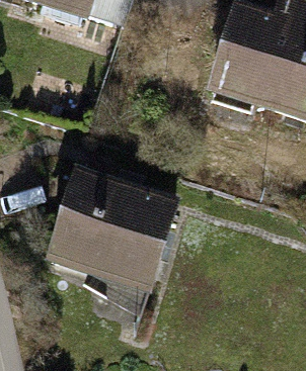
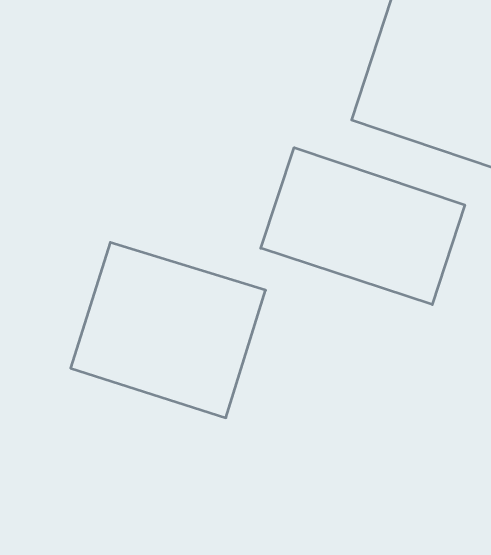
building: none -> [261,148,465,305]

